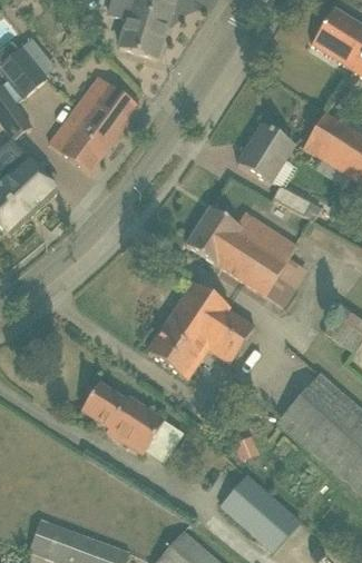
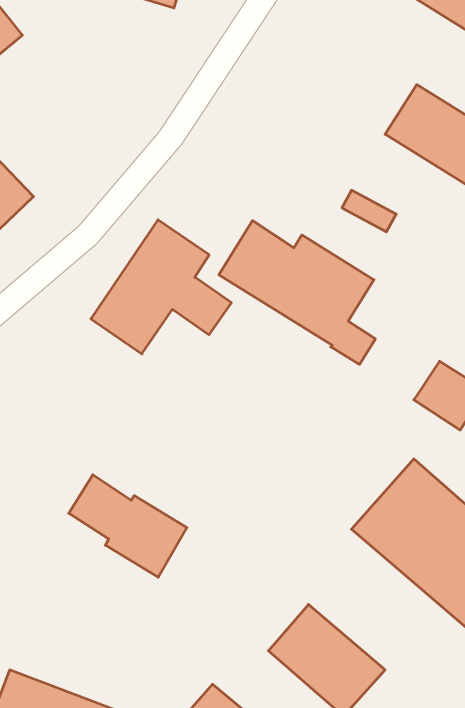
building: [49,77,137,171] -> none
building: [236,124,293,184] -> none
building: [147,283,245,376] -> [91,220,231,354]

